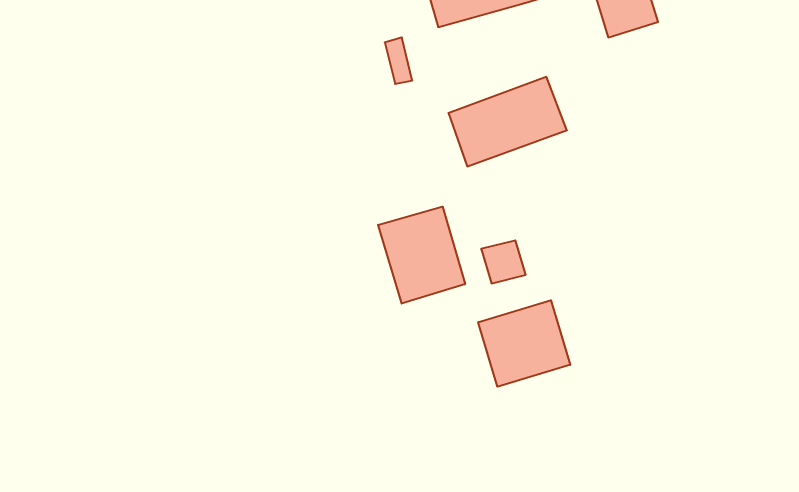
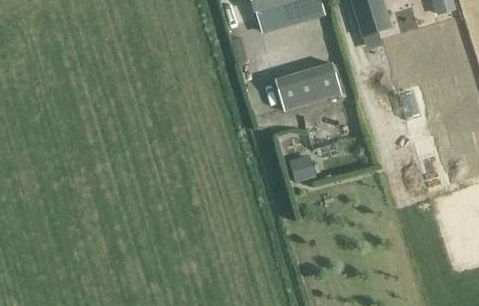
building: [378,207,465,304] -> none
building: [478,300,570,387] -> none

